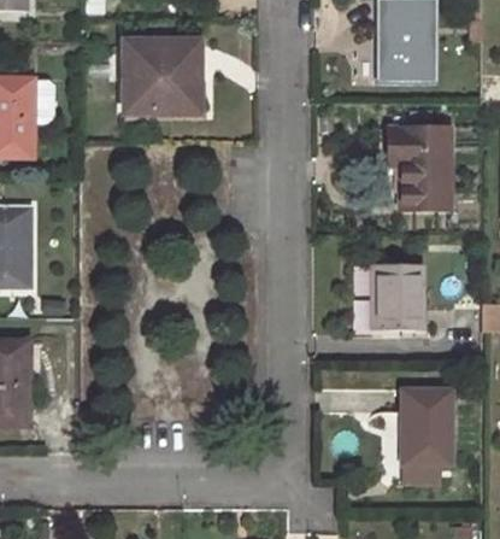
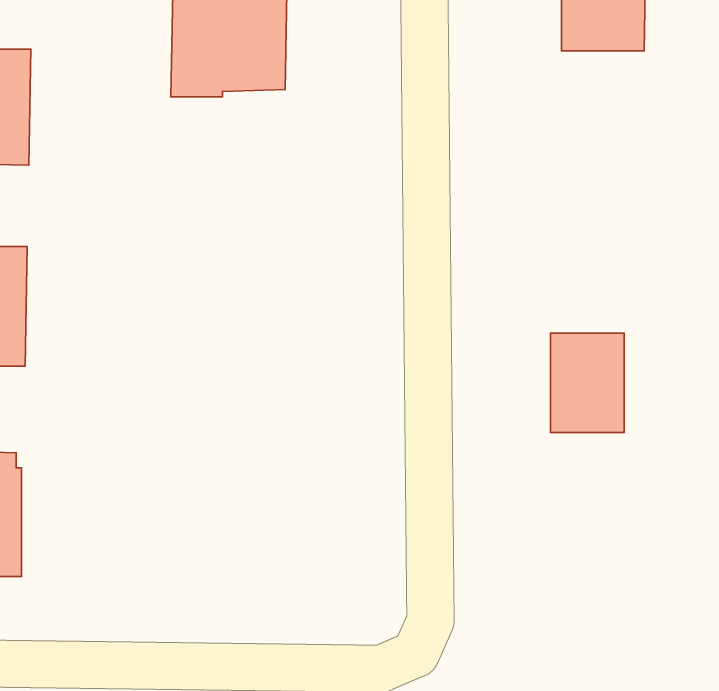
building: [390,129,452,210] -> none
building: [404,389,452,481] -> none

